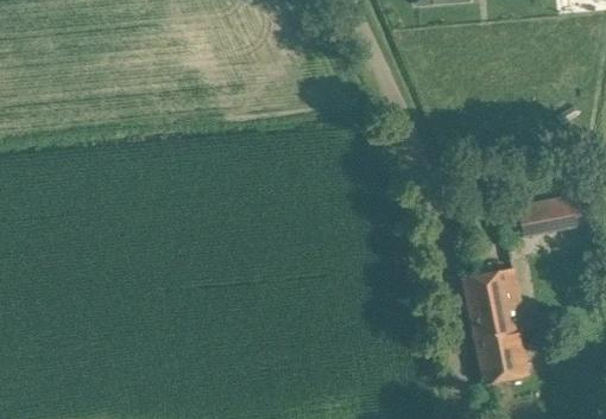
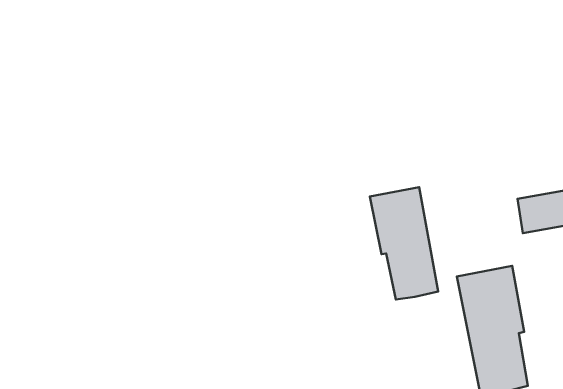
building: none -> [370,187,438,300]

